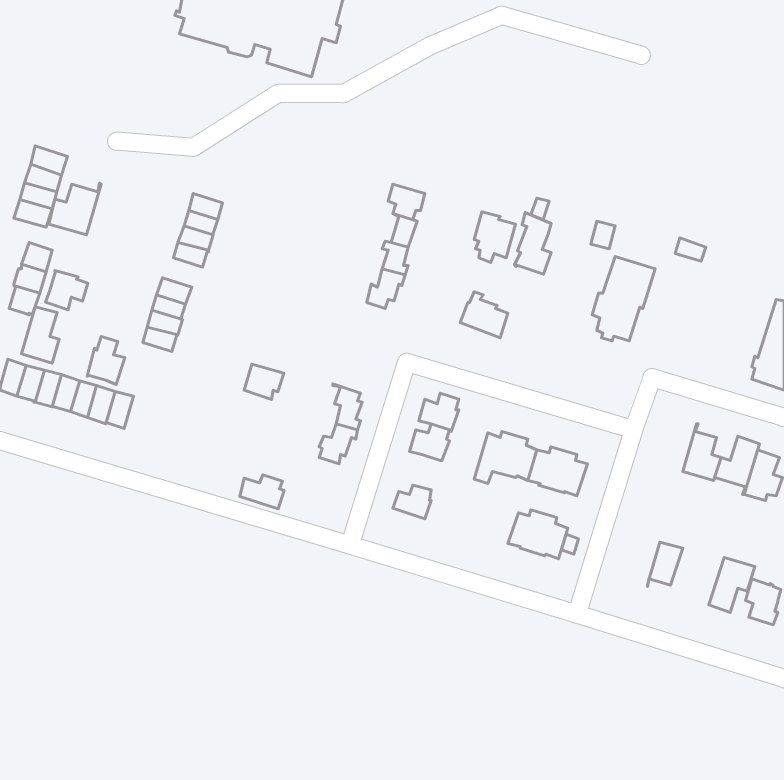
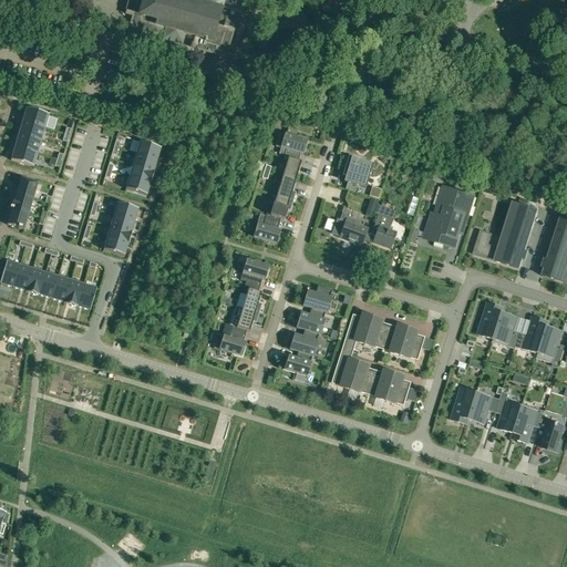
building: [49,183,101,235] -> none
building: [514,213,551,274] -> [369,202,395,246]
building: [45,270,88,310] -> none
building: none -> [473,200,537,267]
building: none -> [247,218,279,243]
building: [22,307,59,363] -> none
building: [87,337,125,384] -> none
building: [244,364,284,399] -> [240,258,269,284]
building: none -> [477,300,503,340]
building: none -> [289,328,318,354]
building: [240,475,284,509] -> [214,330,246,354]
building: none -> [331,346,374,392]
building: none -> [451,385,476,422]
building: none -> [497,398,523,436]

